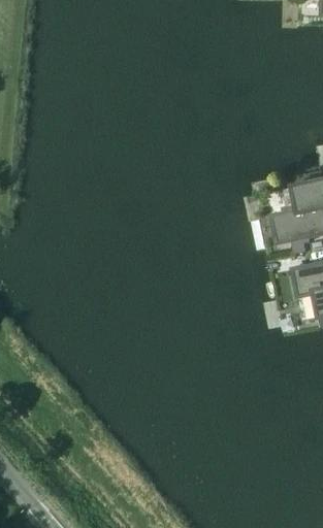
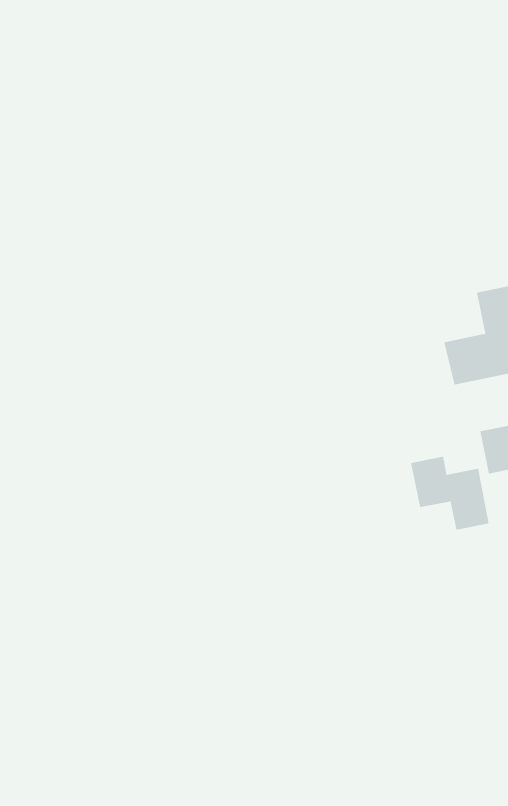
building: none -> [411,456,489,531]

